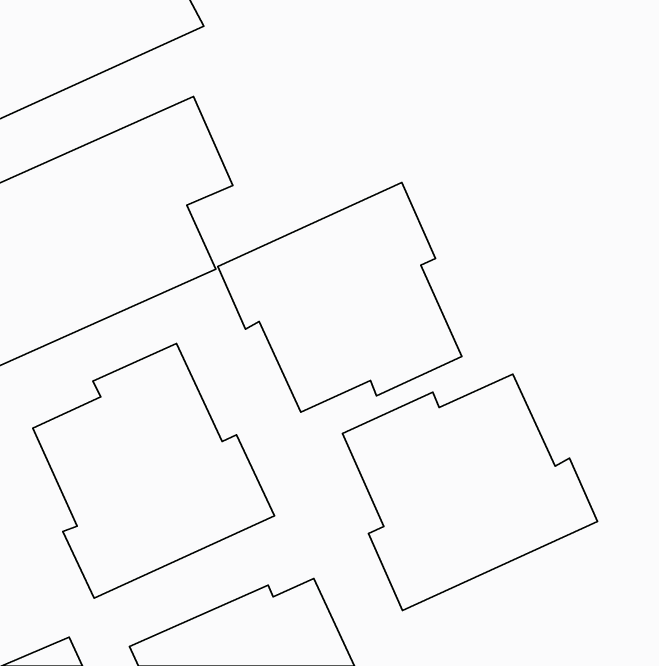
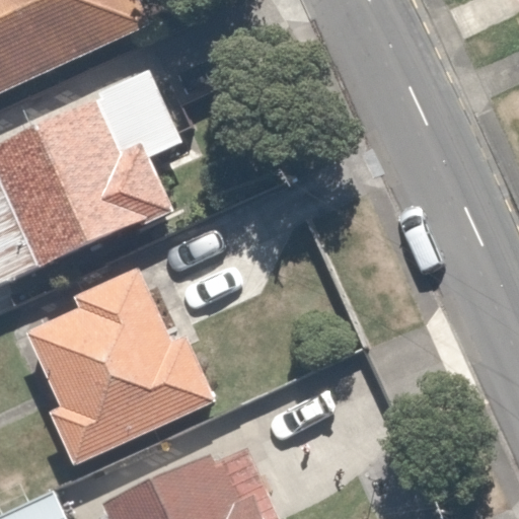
building: [218,183,462,412] -> none
building: [343,374,598,610] -> none

